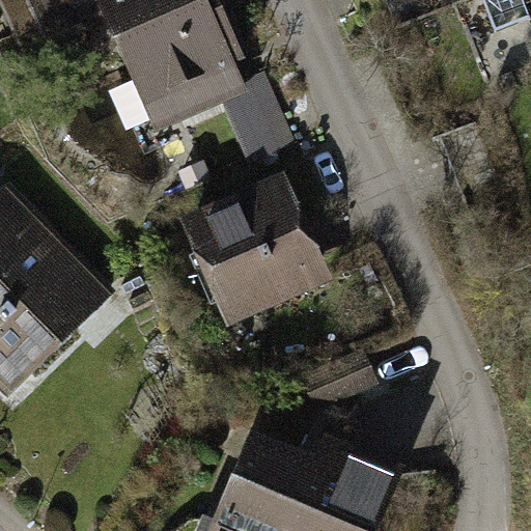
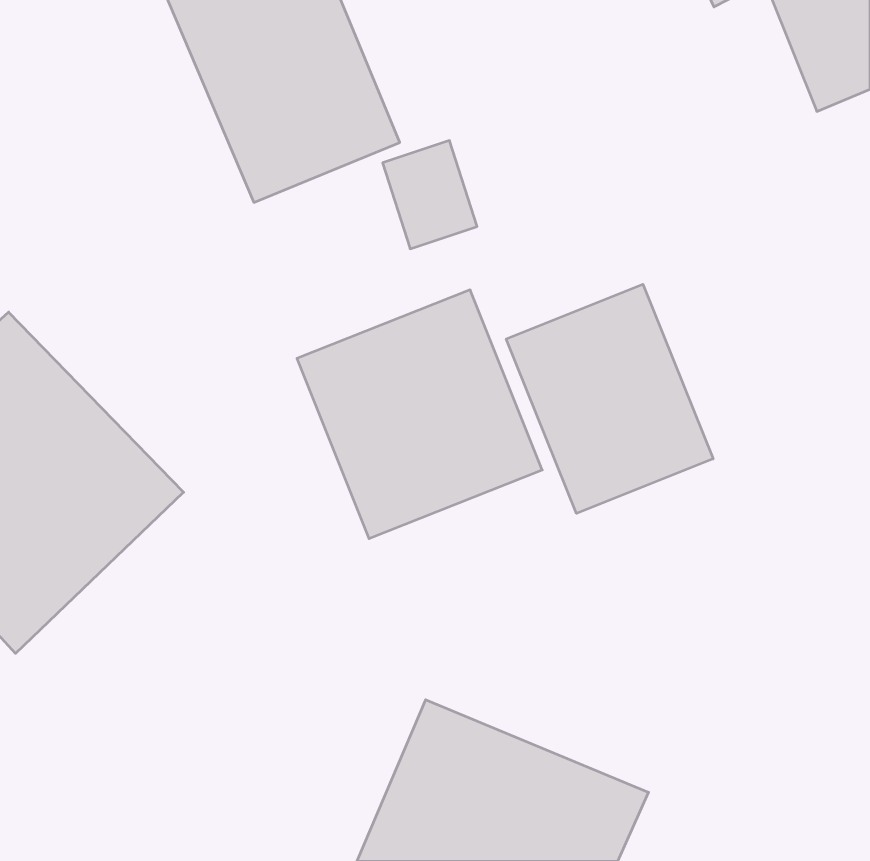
building: none -> [506,284,713,513]

